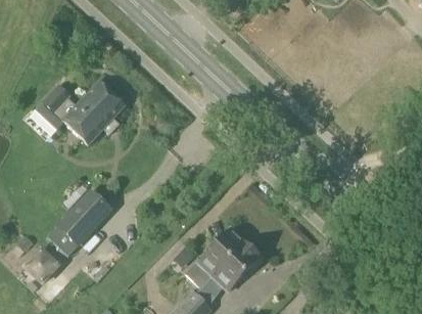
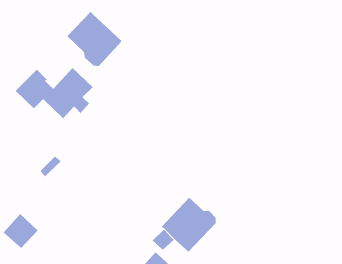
building: none -> [66,11,122,67]
building: [48,190,112,256] -> none

